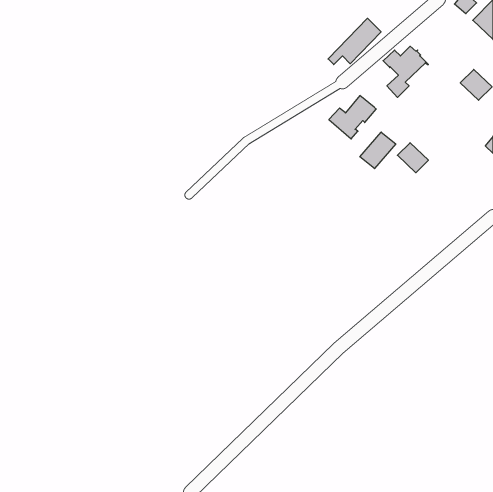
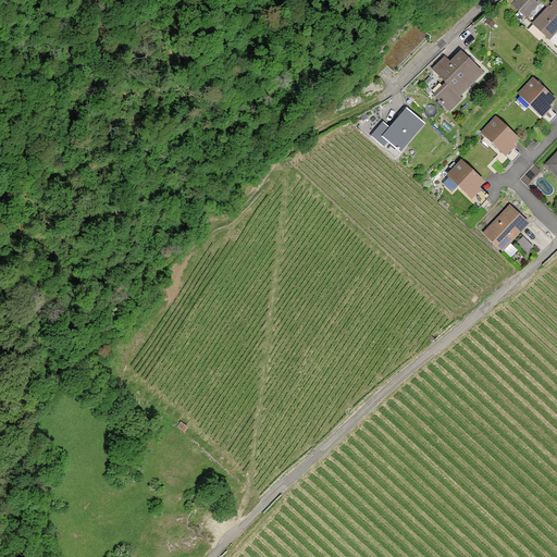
building: none -> [482,117,518,152]
building: [360,132,396,169] -> none
building: none -> [483,205,529,250]

